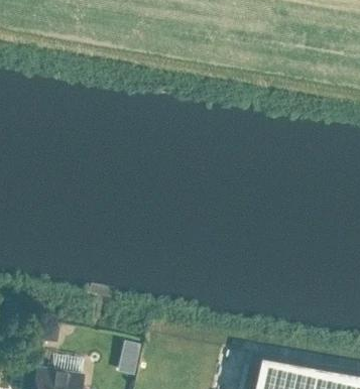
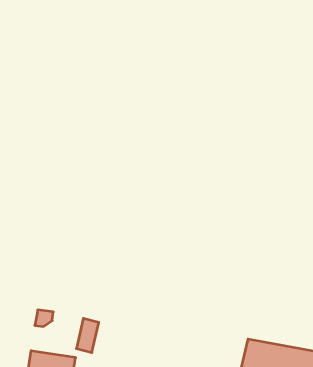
building: [117,344,140,379] -> [76,318,99,353]

